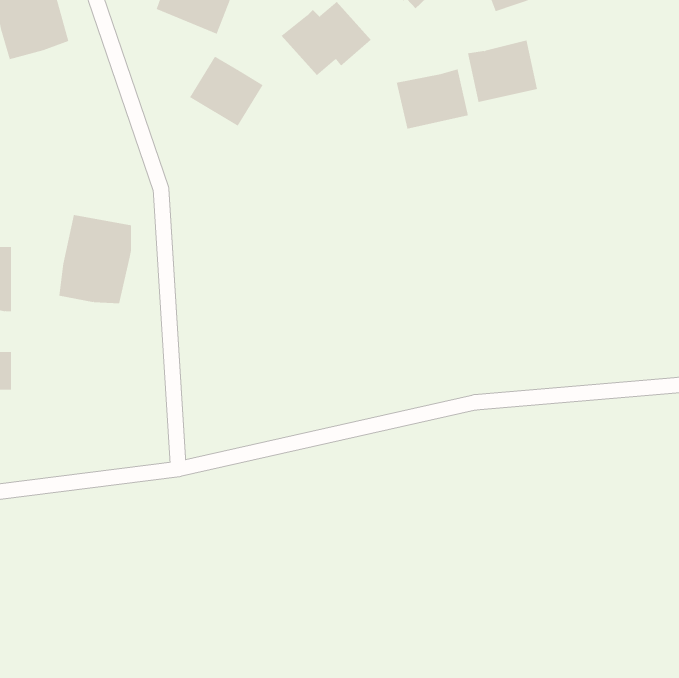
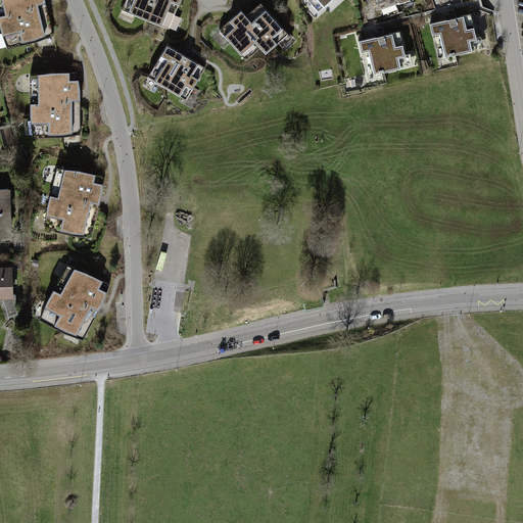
building: none -> [431,13,483,59]
building: [396,68,469,130] -> none
building: none -> [29,69,80,135]
building: none -> [39,262,108,337]

